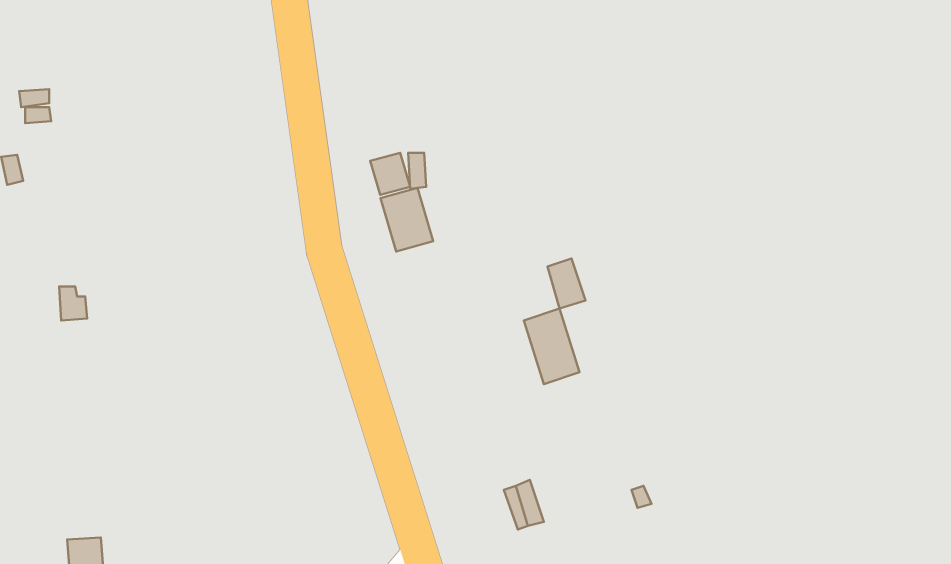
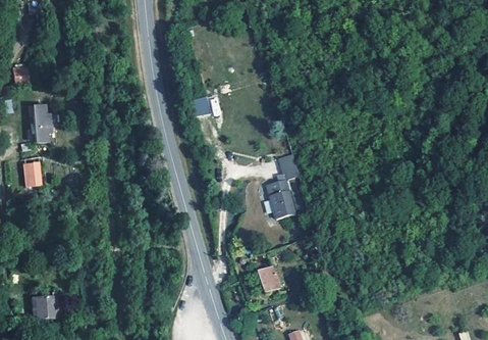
building: none -> [33,103,49,140]
building: [381,188,433,251] -> none

